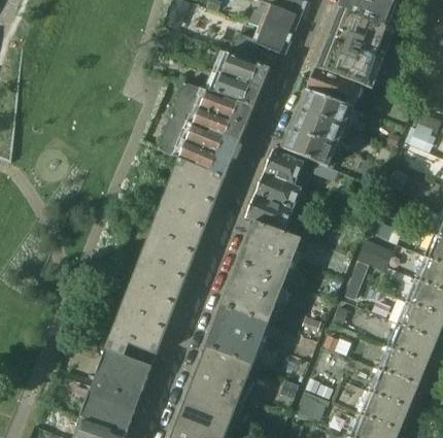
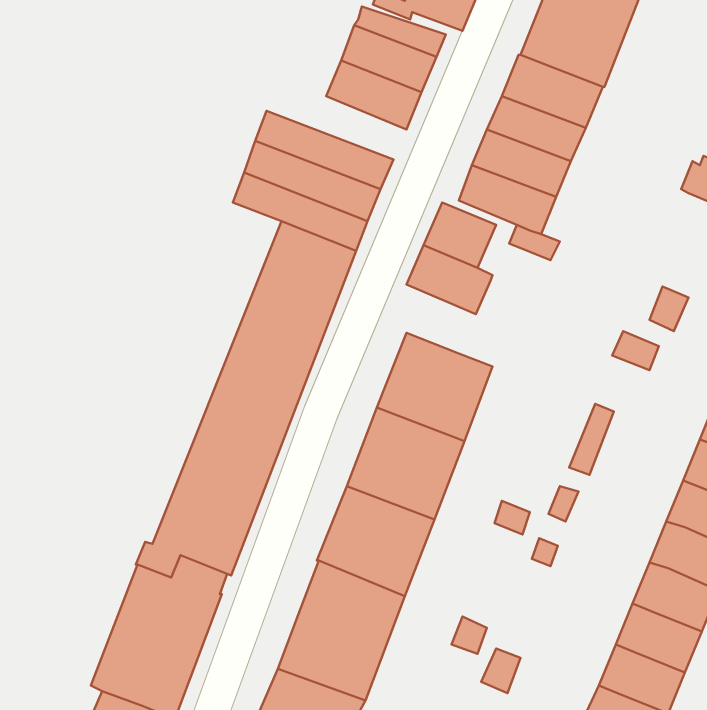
building: [176,81,253,125] -> none
building: [245,194,292,232] -> none
building: [357,239,389,268] -> none

